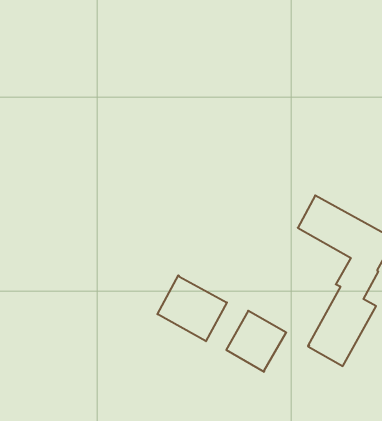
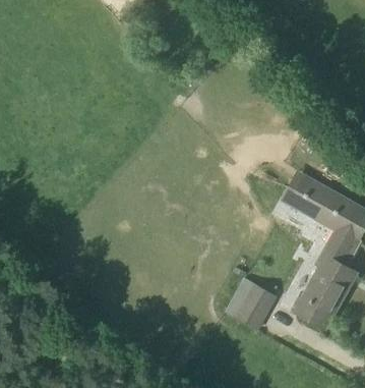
building: [157,275,227,341] -> none

